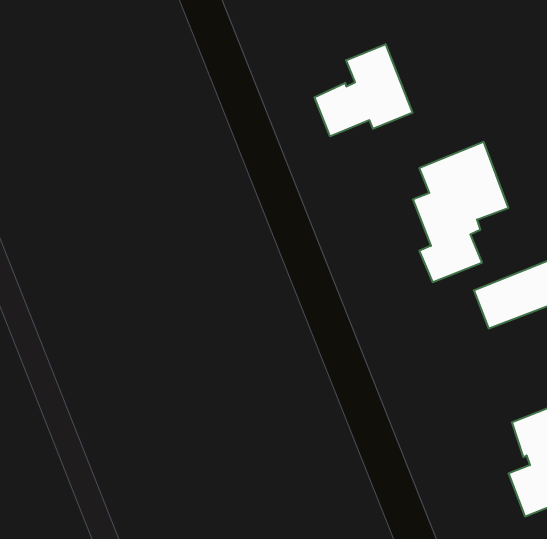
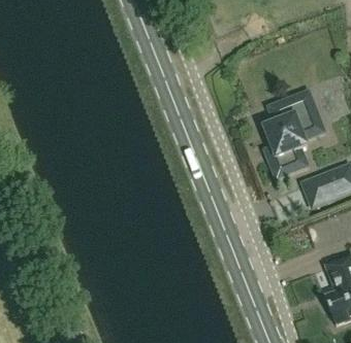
building: [315,44,412,136] -> none

